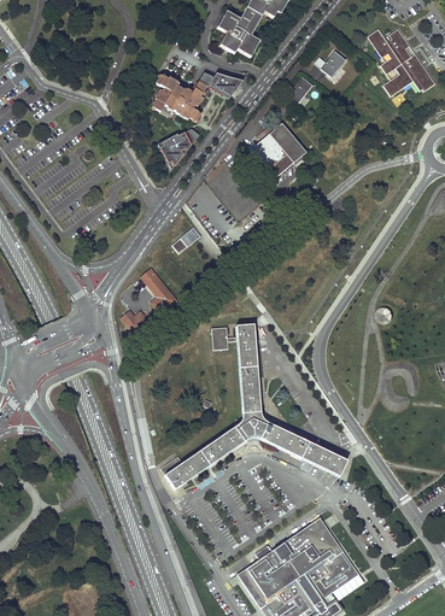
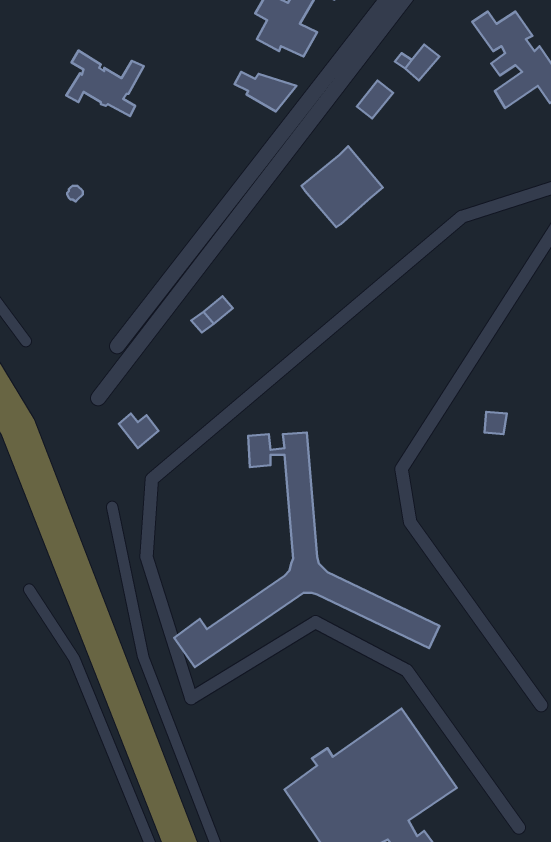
building: [151,76,205,122] -> [66,51,144,116]
building: [157,130,198,169] -> none
building: [141,270,175,312] -> none

